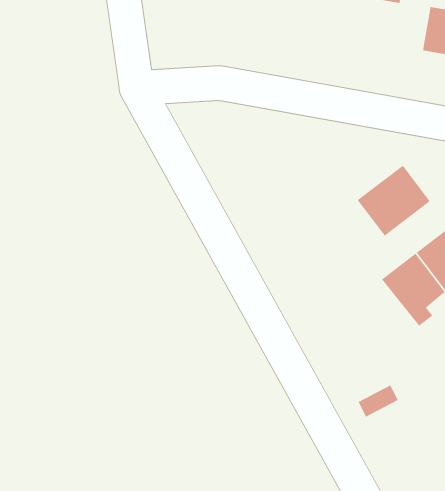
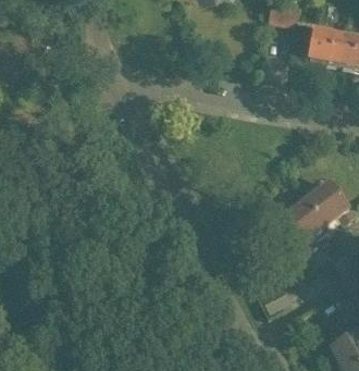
building: [357,165,431,236] -> none

